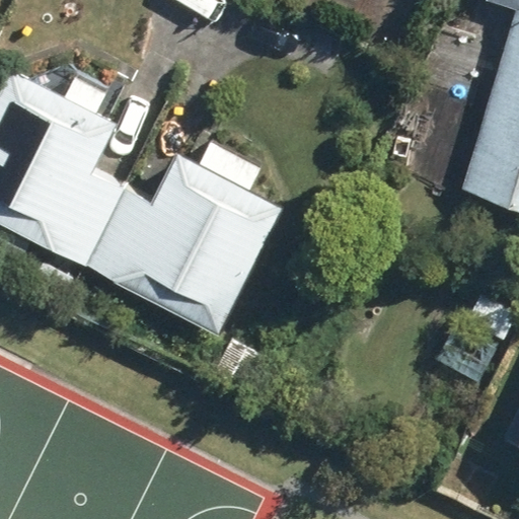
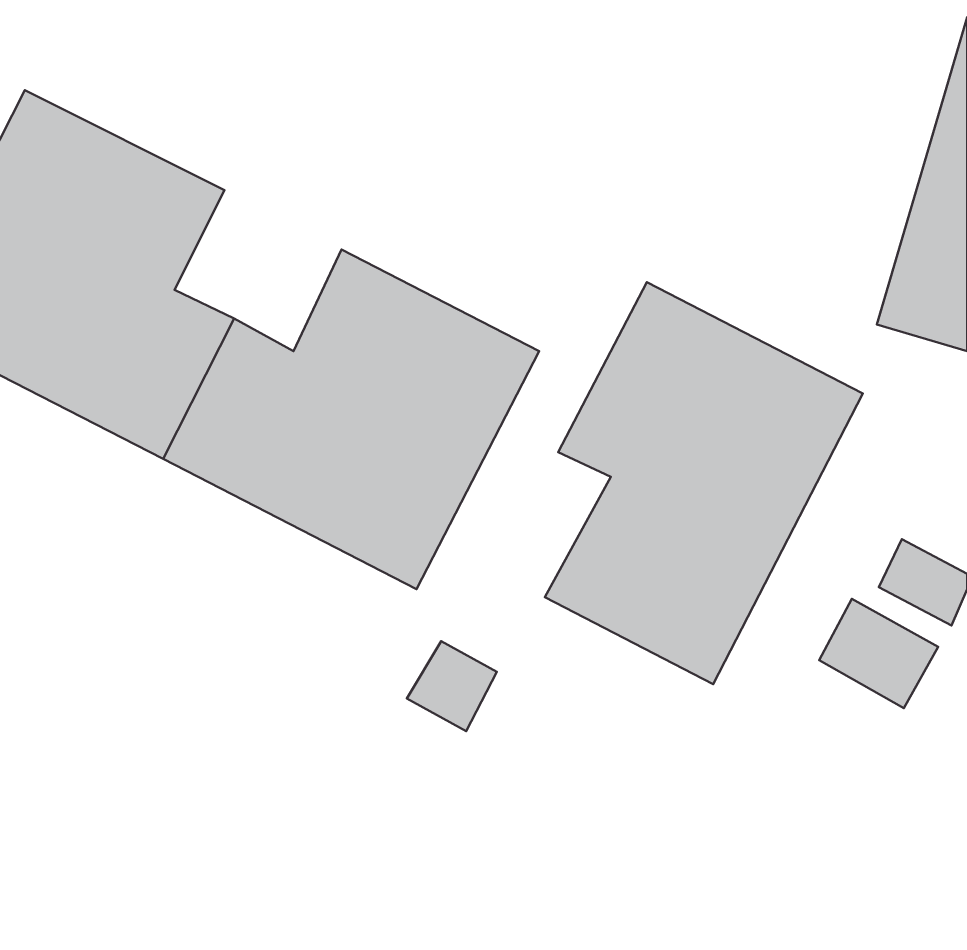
building: none -> [545,282,863,684]

